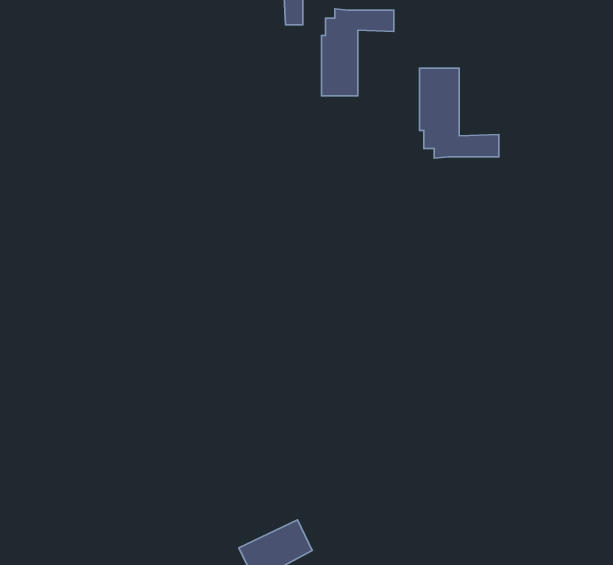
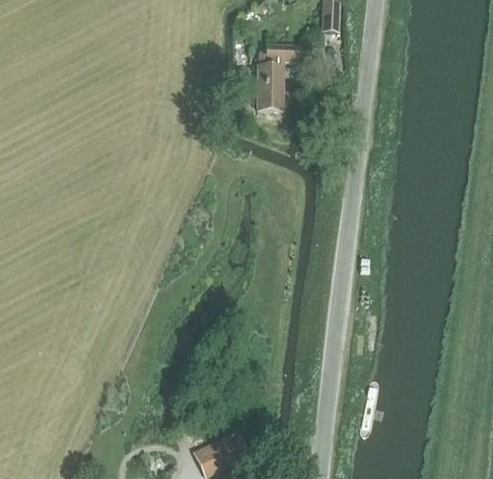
building: [419,68,499,158] -> none

